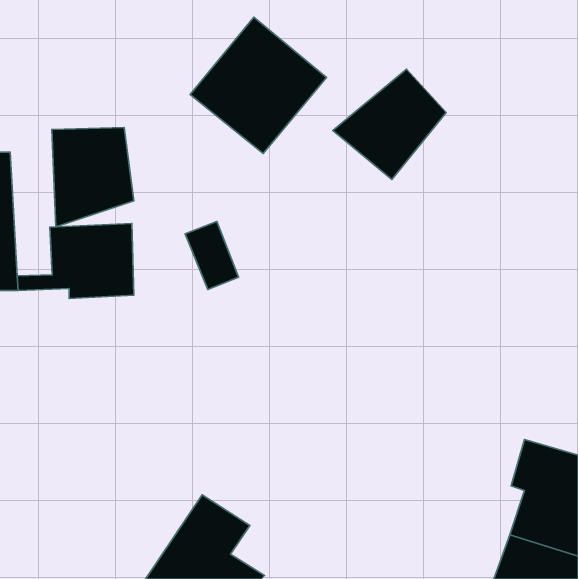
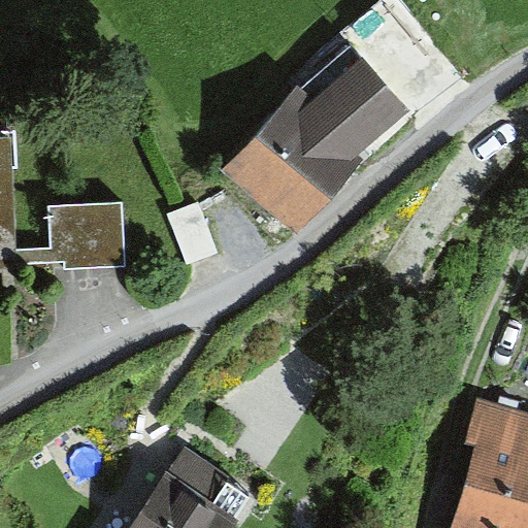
building: [190,17,327,153] -> [232,108,356,232]
building: [52,127,134,227] -> none

